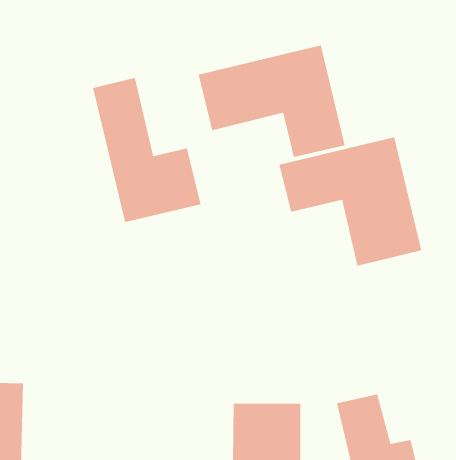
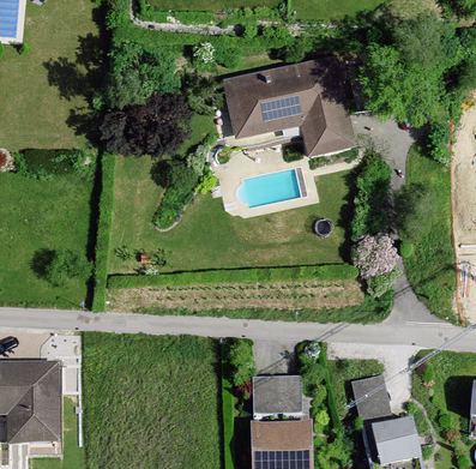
building: [92,77,201,223] -> none
building: [279,136,422,267] -> none

